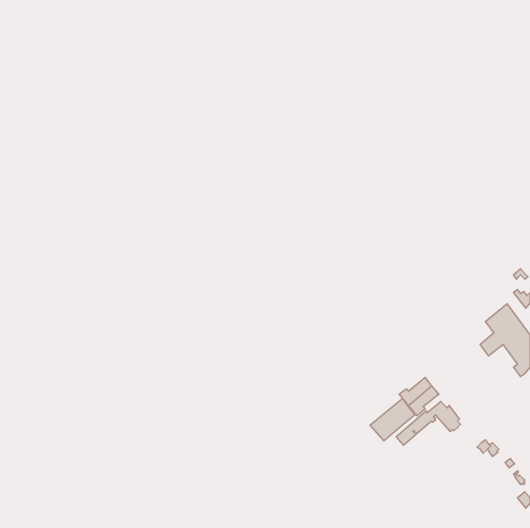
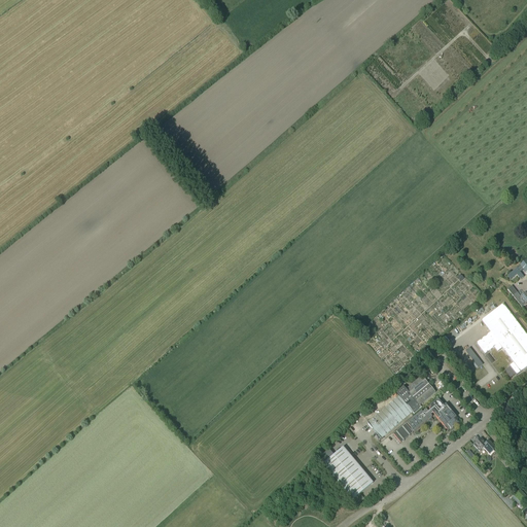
building: none -> [323,446,373,498]

